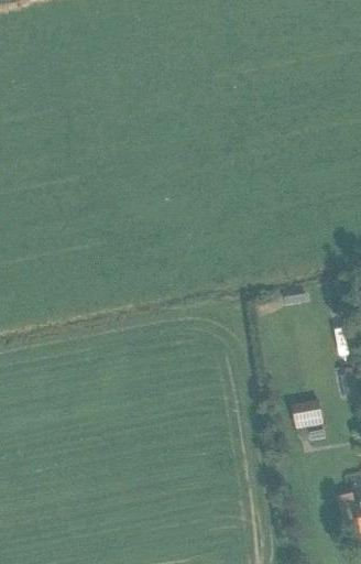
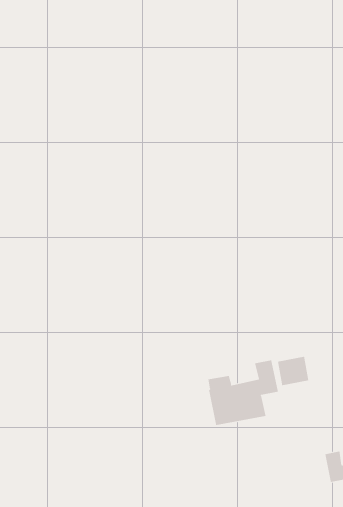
building: none -> [208,360,279,426]

